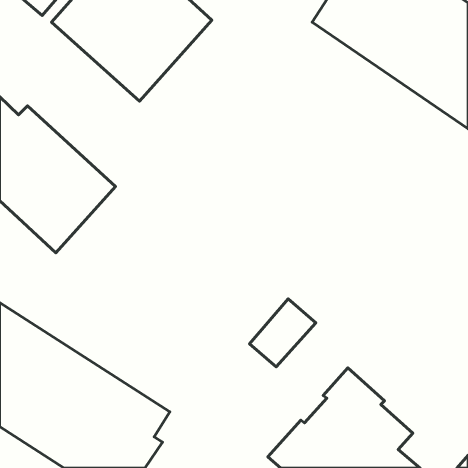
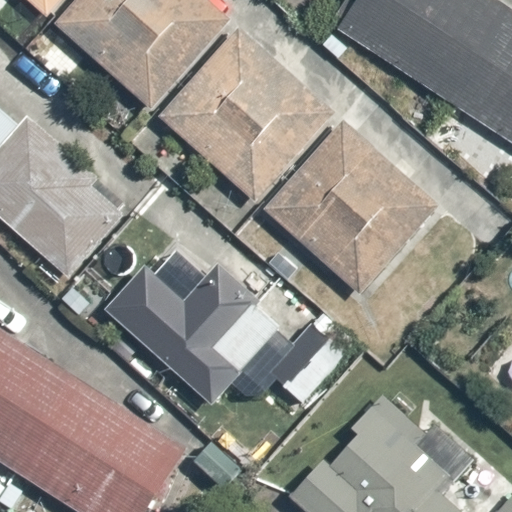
building: none -> [160,27,333,200]
building: none -> [265,124,436,294]
building: none -> [105,265,279,406]

